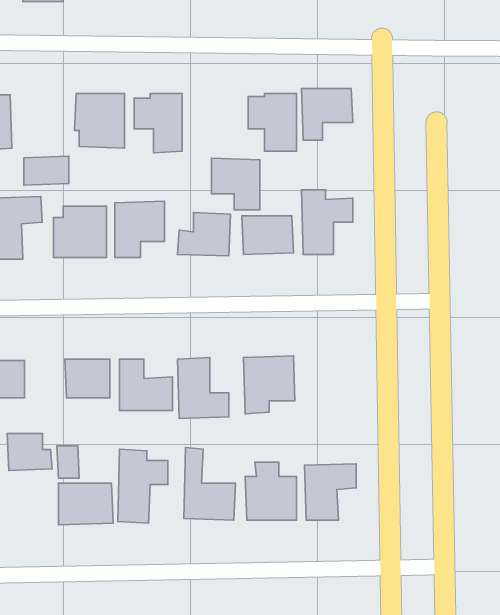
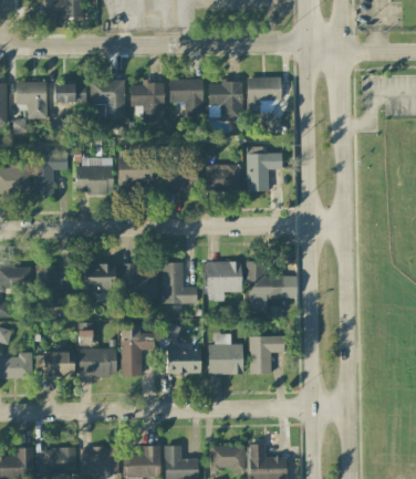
building: [24,156,69,185] -> [54,82,85,102]
building: [212,158,260,210] -> [169,77,202,113]
building: none -> [246,260,284,308]
building: [7,433,52,470] -> [43,351,74,376]

